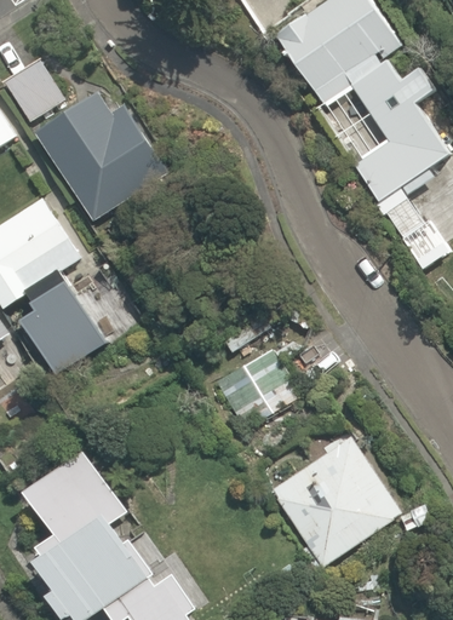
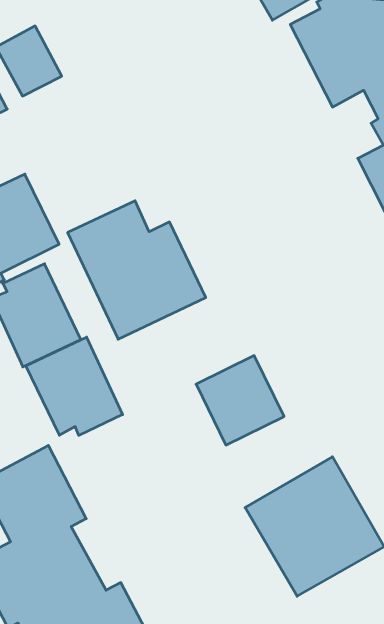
building: [38,90,172,220] -> [68,201,206,339]
building: none -> [26,337,123,435]

